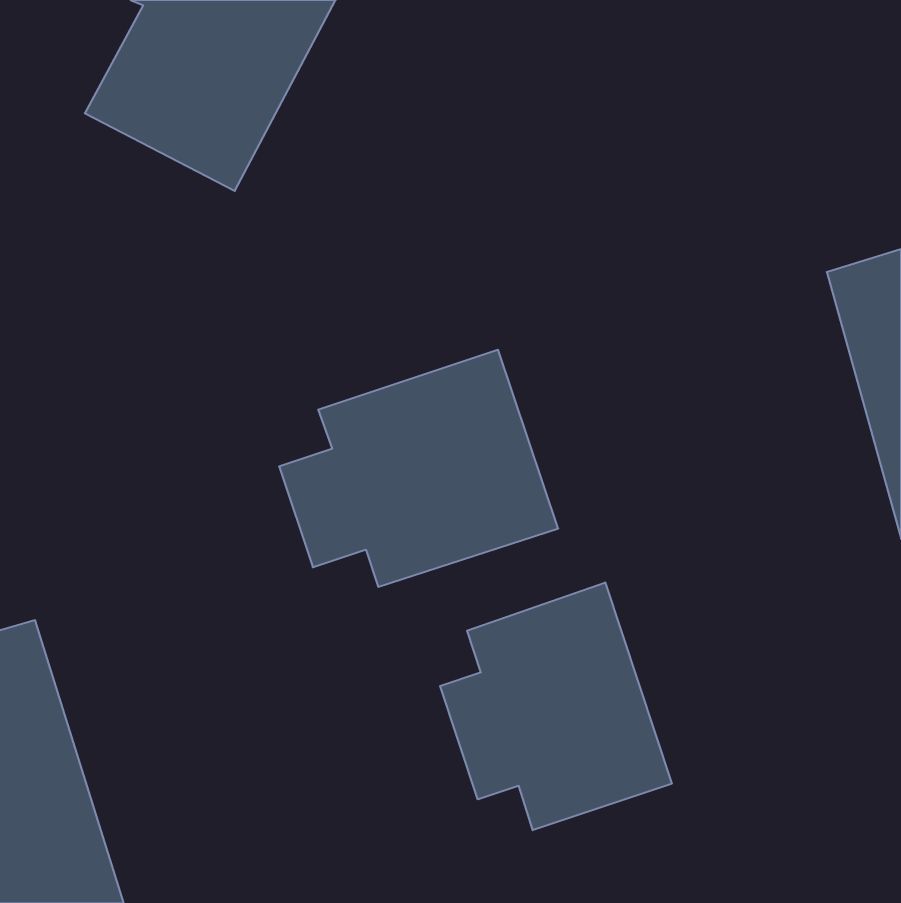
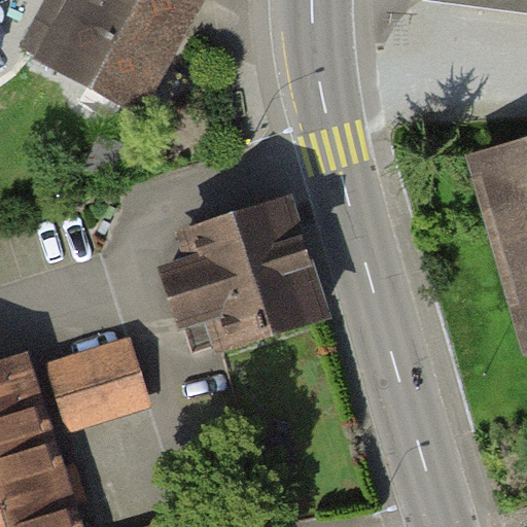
building: [440,582,672,830] -> none
building: none -> [54,349,147,423]

